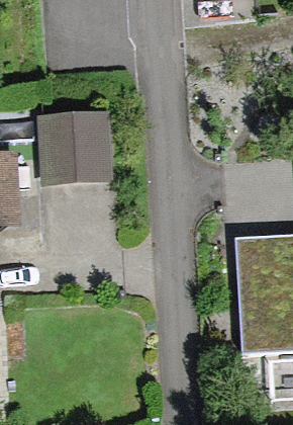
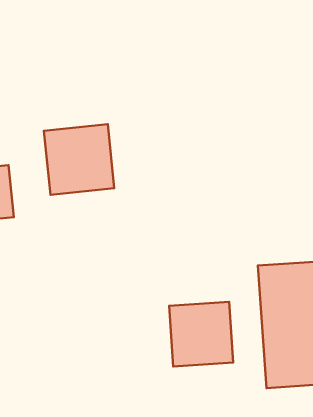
building: none -> [169,302,233,366]

